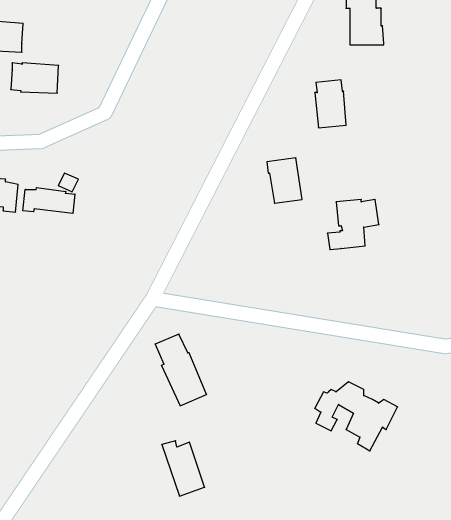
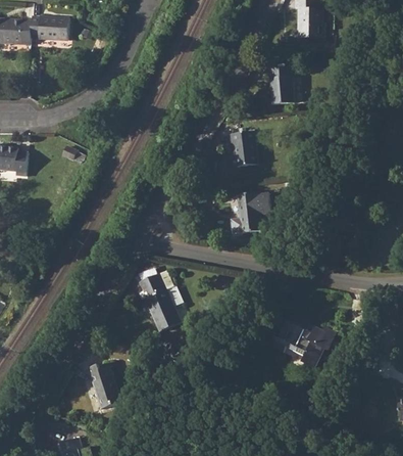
building: [11,63,59,93] -> [32,15,70,40]
building: [23,188,75,213] -> none
building: [327,199,379,250] -> [231,192,272,233]
building: [162,441,205,496] -> [87,364,121,409]

